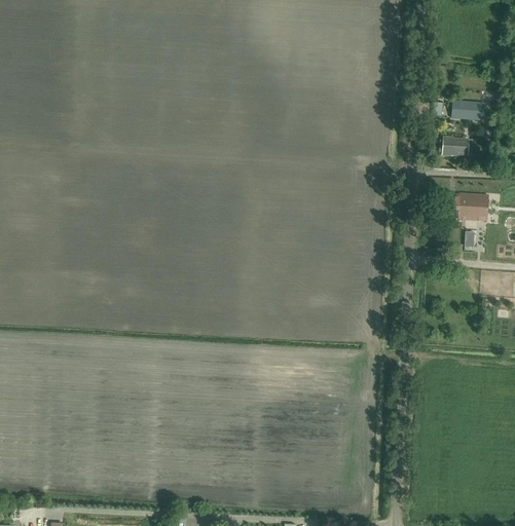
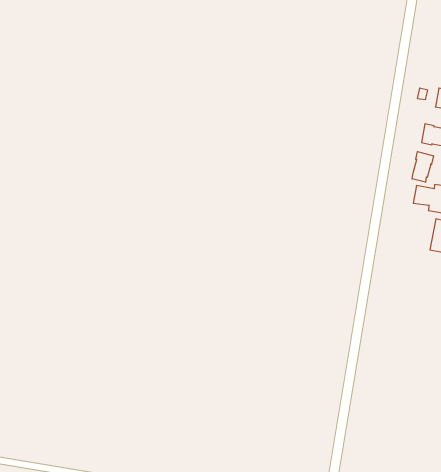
building: none -> [412,152,433,182]

